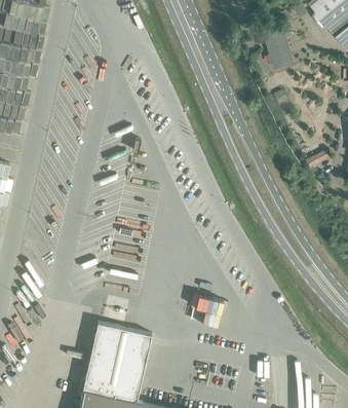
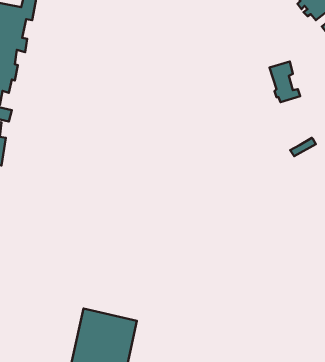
building: [263,28,294,69] -> [269,61,300,102]

